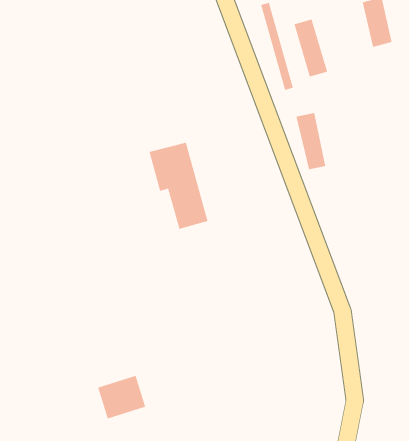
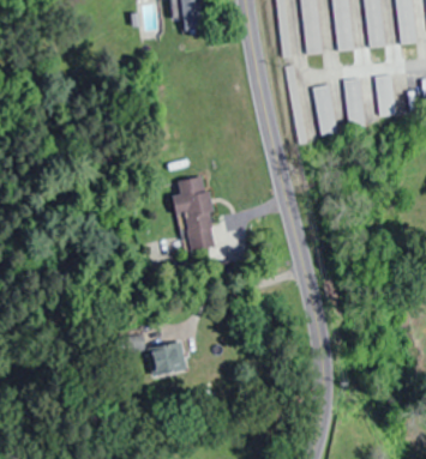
building: [296,112,326,170] -> [344,78,365,127]
building: [97,375,146,419] -> [148,340,187,375]

